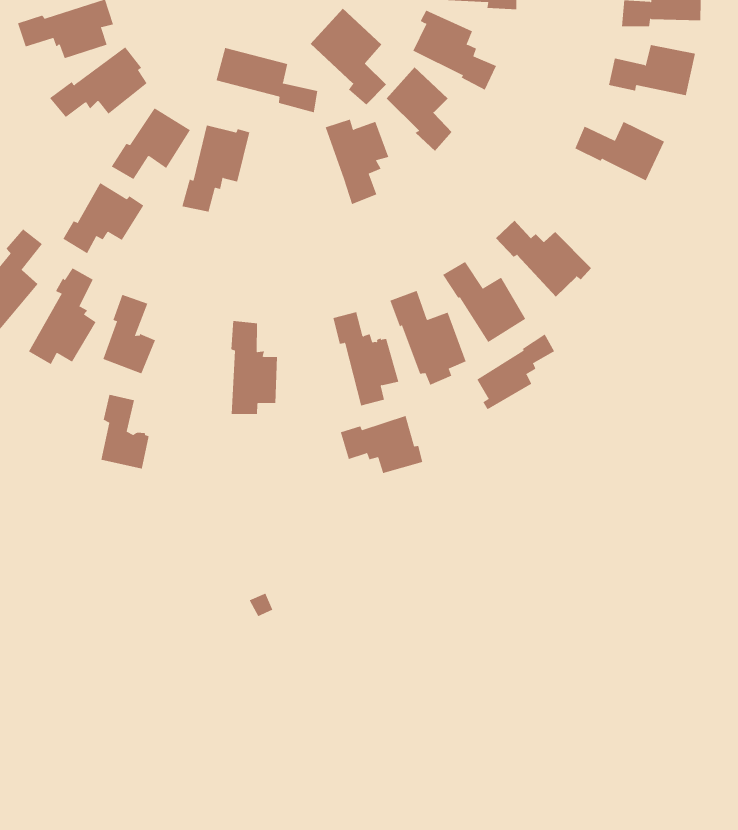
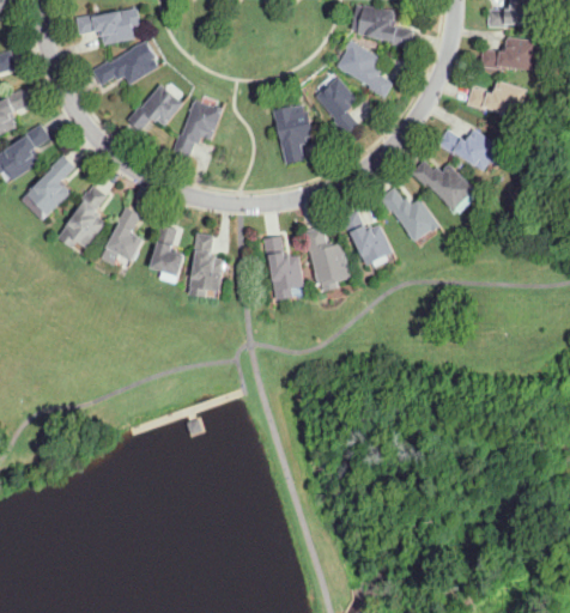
building: [310,8,387,106] -> none
building: [216,47,318,113] -> none
building: none -> [412,160,475,210]
building: [63,182,144,254] -> none
building: [476,333,555,410] -> none
building: [100,394,150,469] -> [150,224,184,277]
building: [340,415,423,474] -> none

